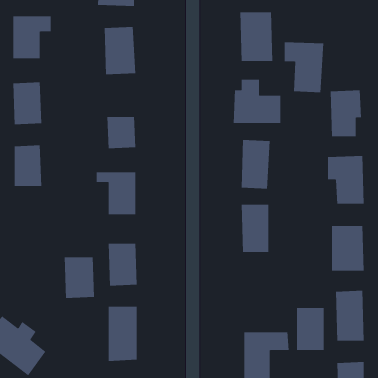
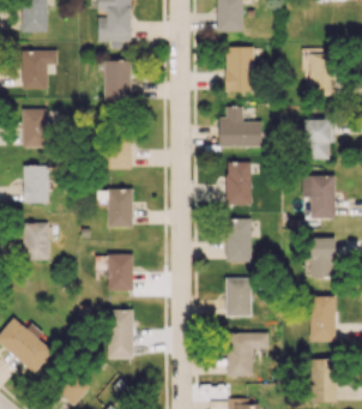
building: [284,42,324,93] -> [300,49,336,95]
building: [64,257,95,298] -> [22,223,49,260]
building: [296,307,324,350] -> [225,278,251,317]

